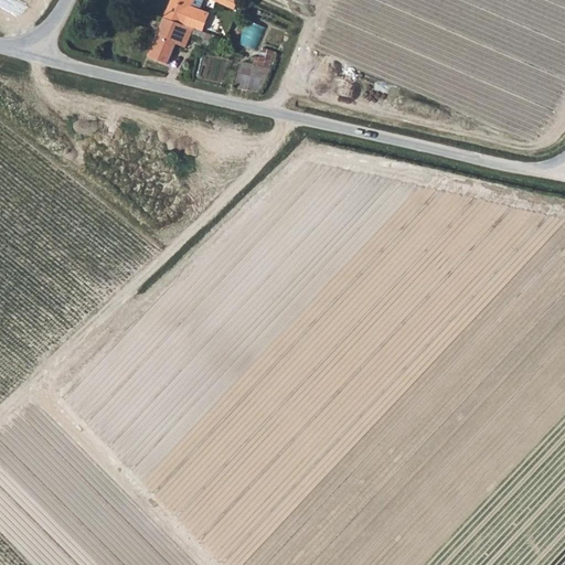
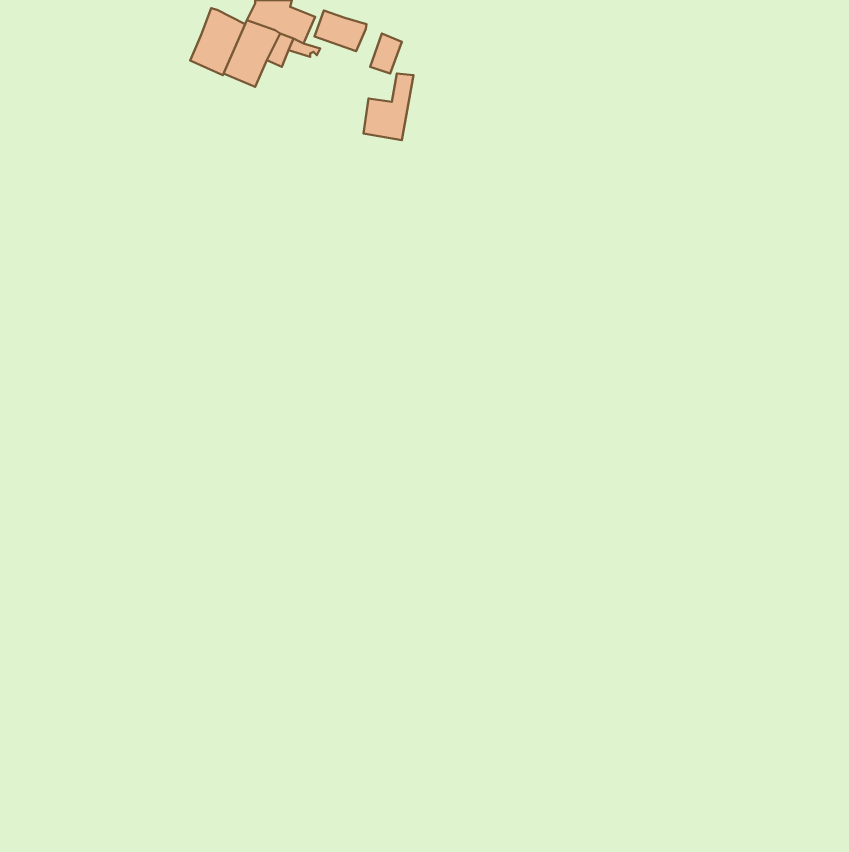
building: none -> [190,8,245,75]
building: none -> [314,10,366,51]

